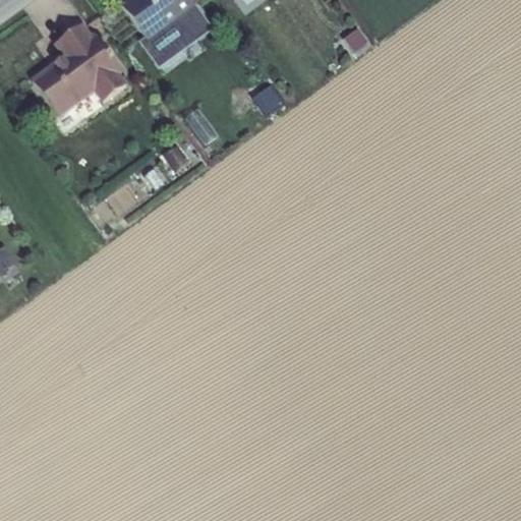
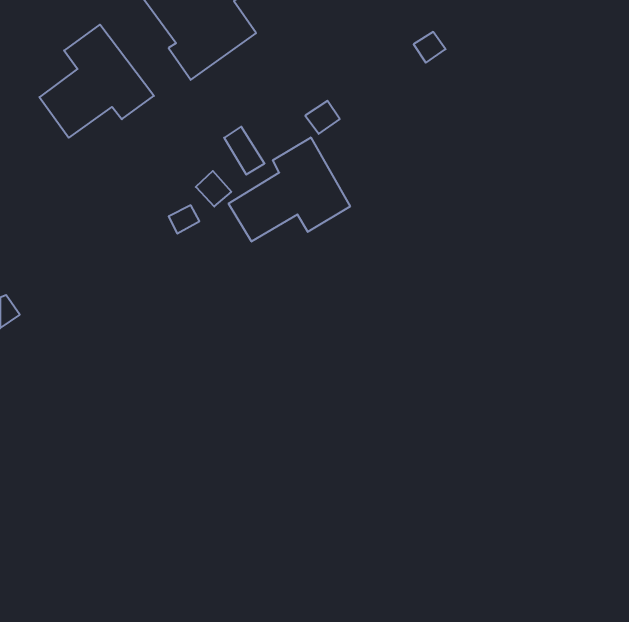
building: none -> [229,137,350,242]

